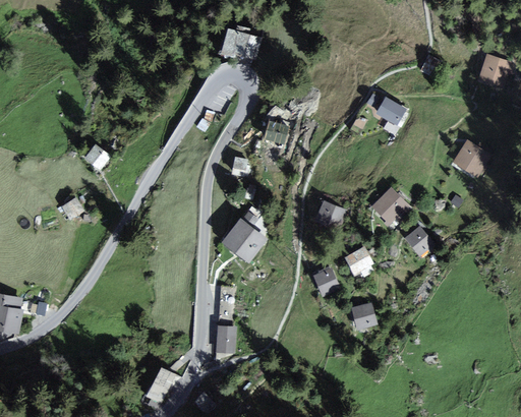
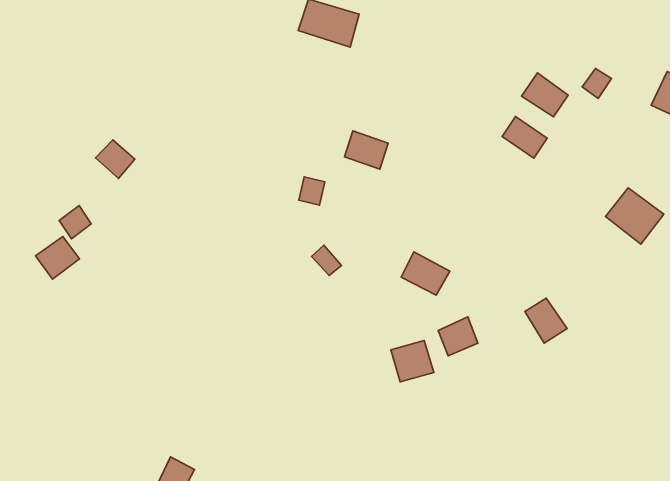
building: none -> [522,73,568,117]
building: [366,187,408,229] -> none
building: [219,218,263,261] -> none
building: none -> [35,237,80,279]
building: [350,302,381,331] -> none
building: [218,325,238,353] -> none

